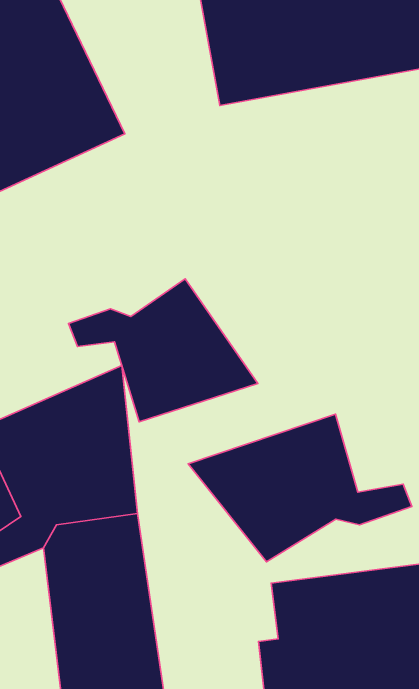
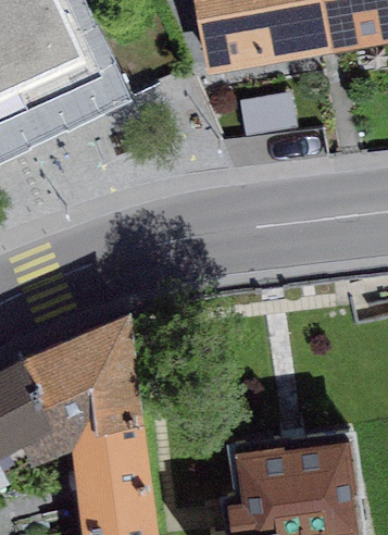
building: [68,279,258,422] -> none
building: [188,414,412,562] -> none

